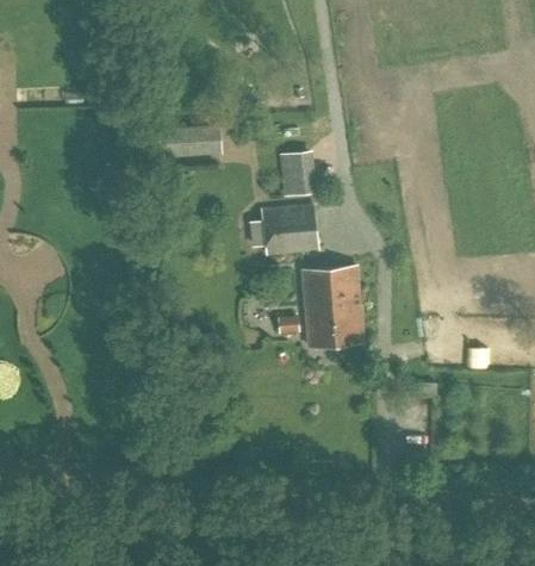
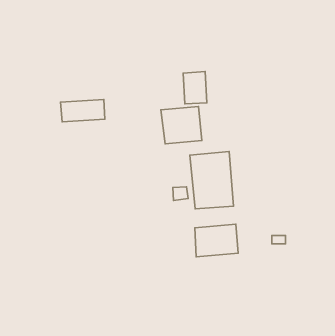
building: [158,123,220,154] -> [60,100,105,122]
building: none -> [195,224,238,257]

